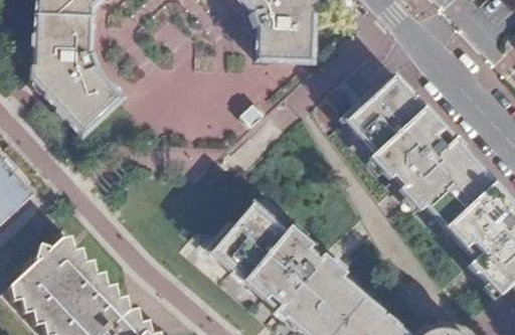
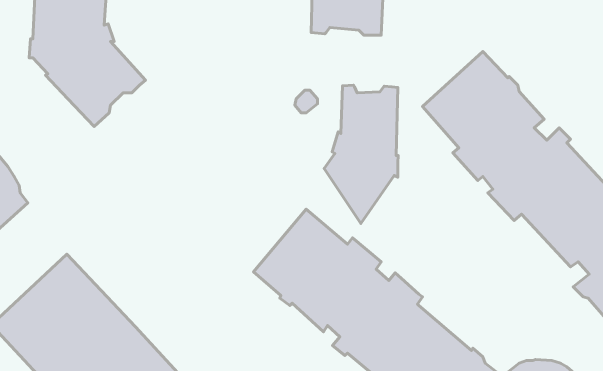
building: none -> [324,85,398,224]

